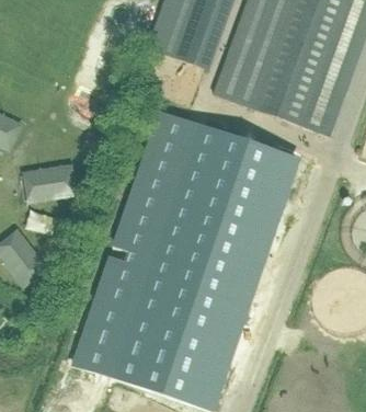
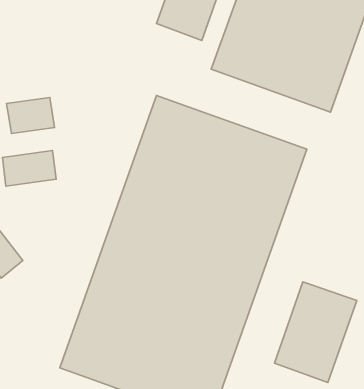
building: none -> [7,97,55,134]
building: none -> [275,282,357,383]

